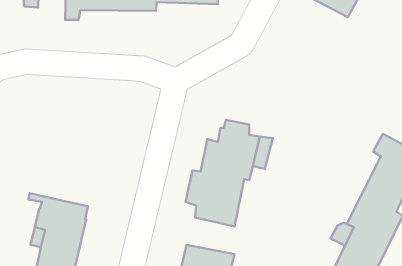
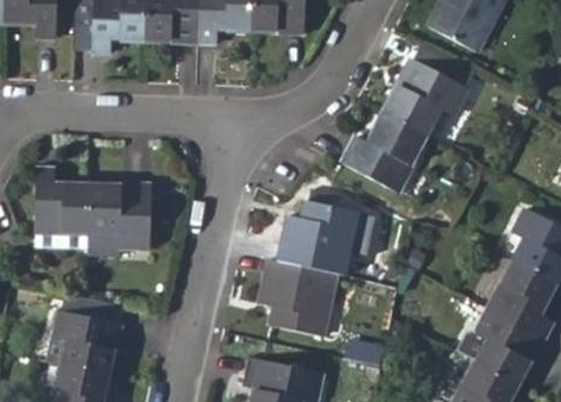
building: none -> [340,43,473,191]
building: none -> [34,168,151,257]

